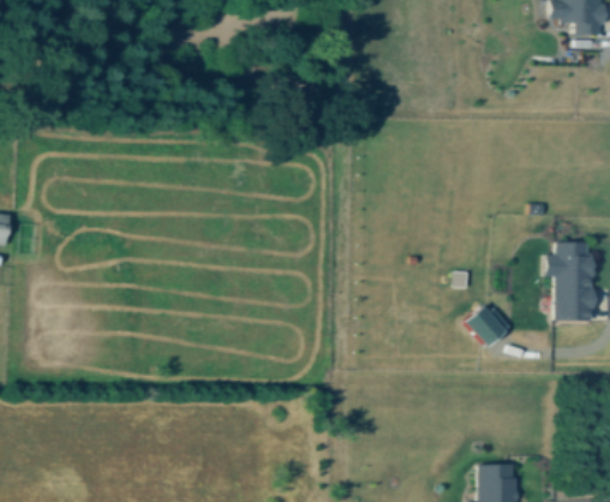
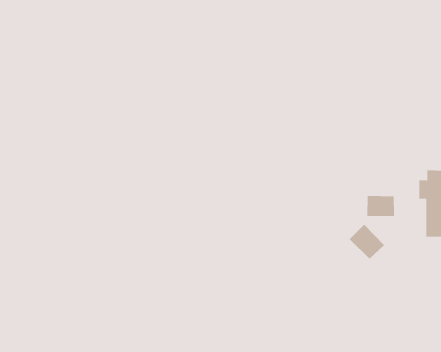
building: none -> [367,195,394,217]

